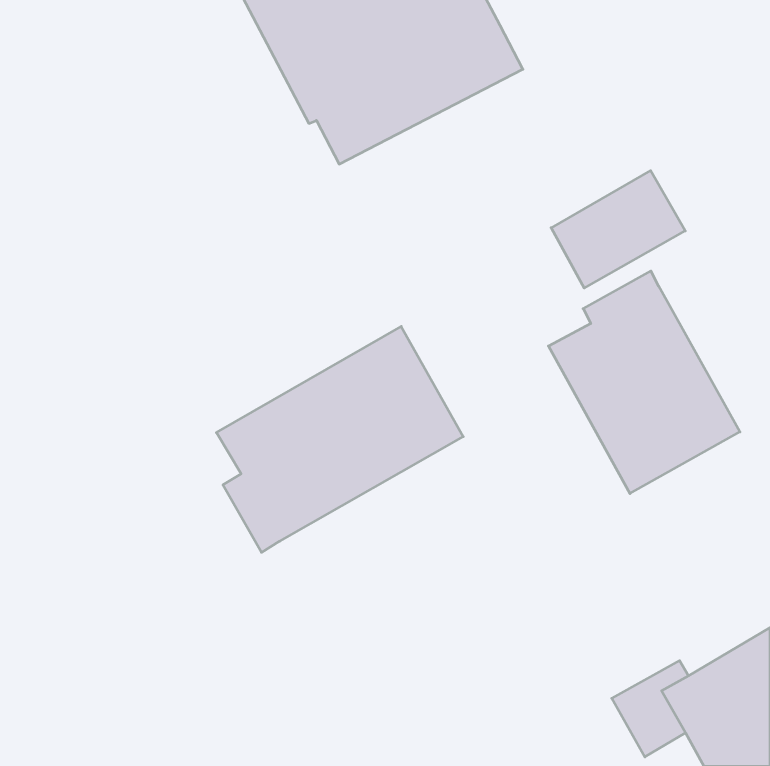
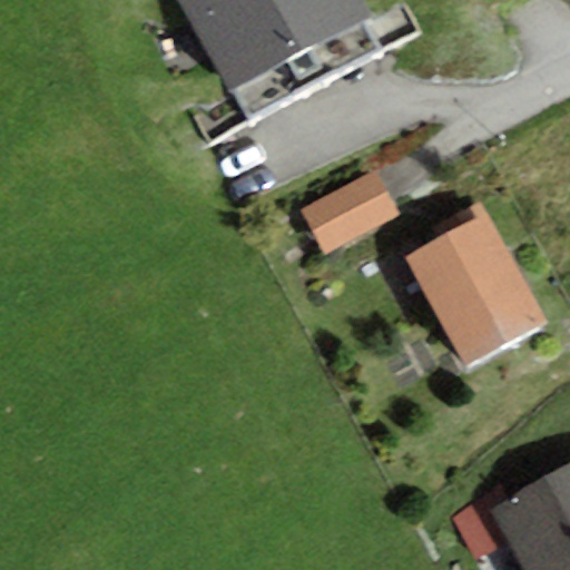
building: [551,171,685,288] -> [301,168,400,255]
building: [216,326,463,552] -> none

